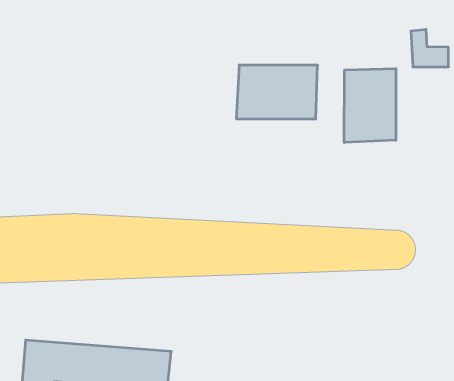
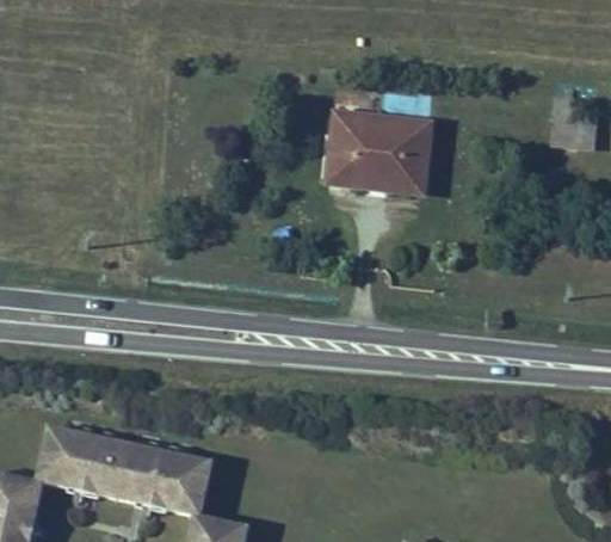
building: [344,69,396,143] -> none

